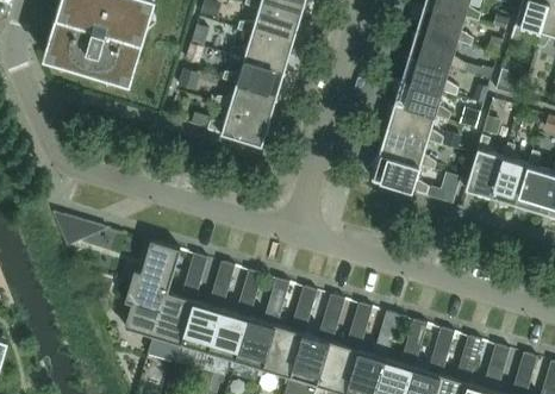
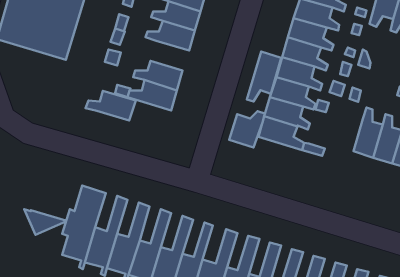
building: [222,60,285,96] -> [86,91,136,120]
building: none -> [247,51,281,101]
building: [464,136,503,198] -> none
building: none -> [229,111,265,148]
building: [54,213,106,245] -> [24,209,66,235]

